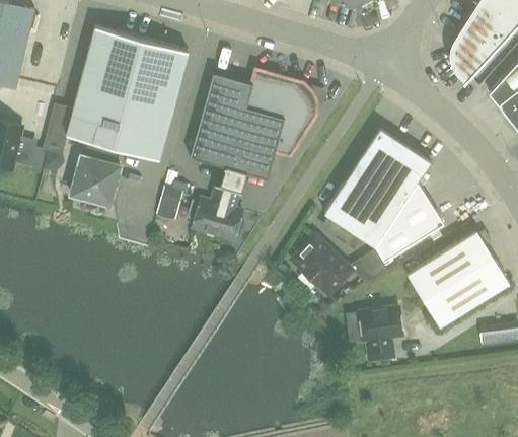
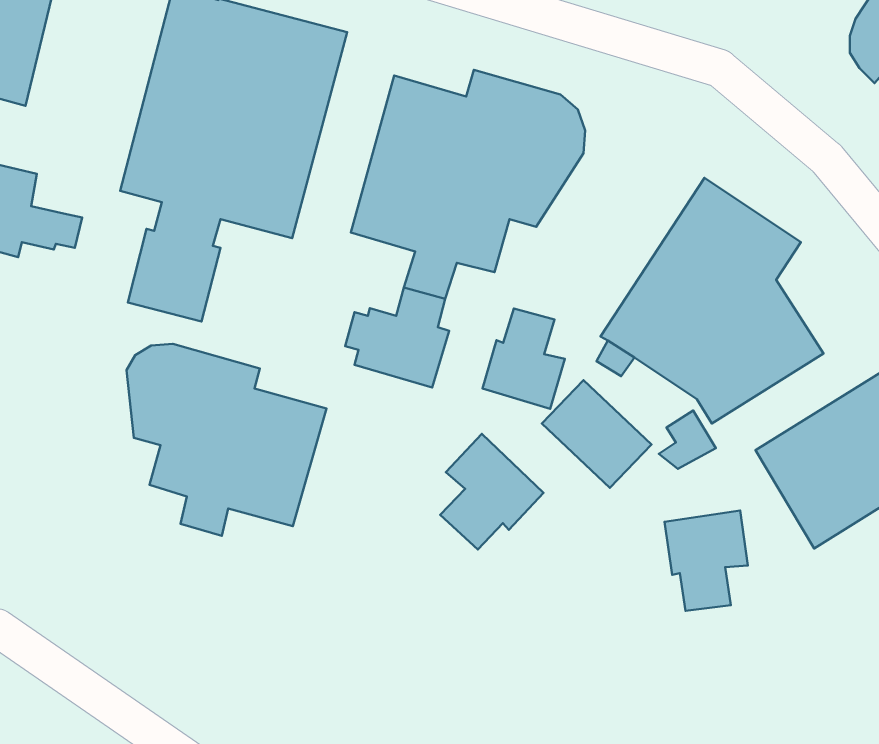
building: [156,188,182,221] -> none
building: none -> [482,308,565,409]
building: none -> [126,344,327,536]
building: none -> [440,434,543,549]

